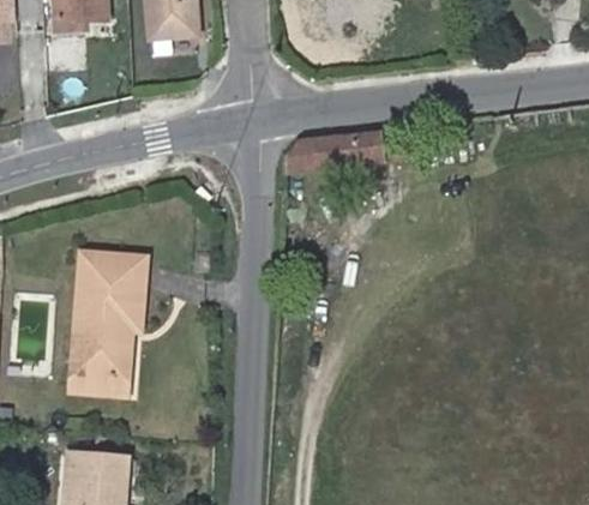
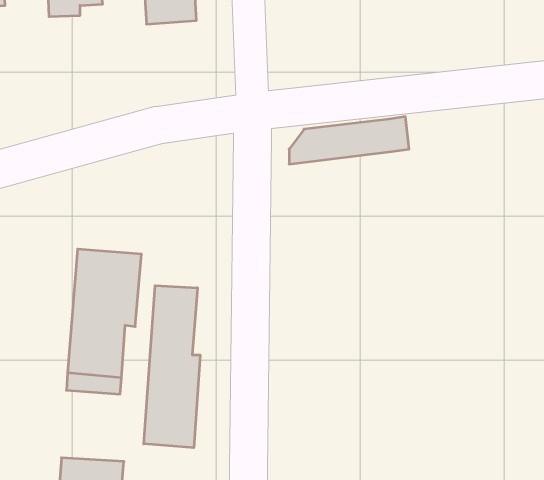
building: none -> [144,286,200,448]

